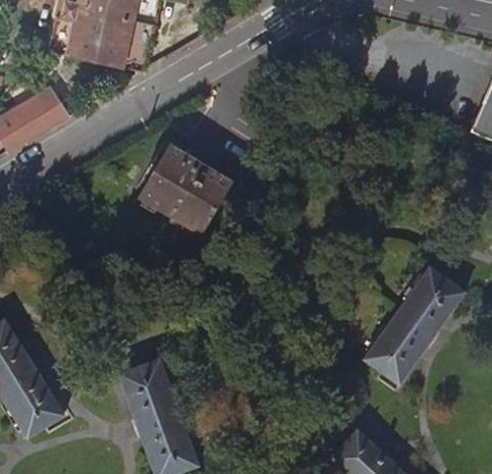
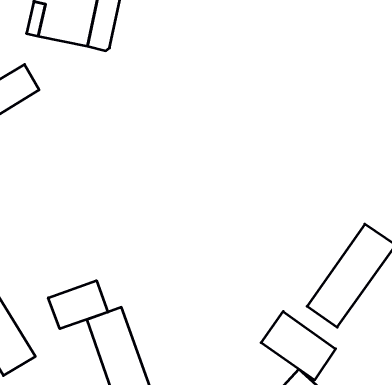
building: [139,145,233,235] -> none
building: none -> [48,281,108,329]
building: none -> [261,311,336,380]

